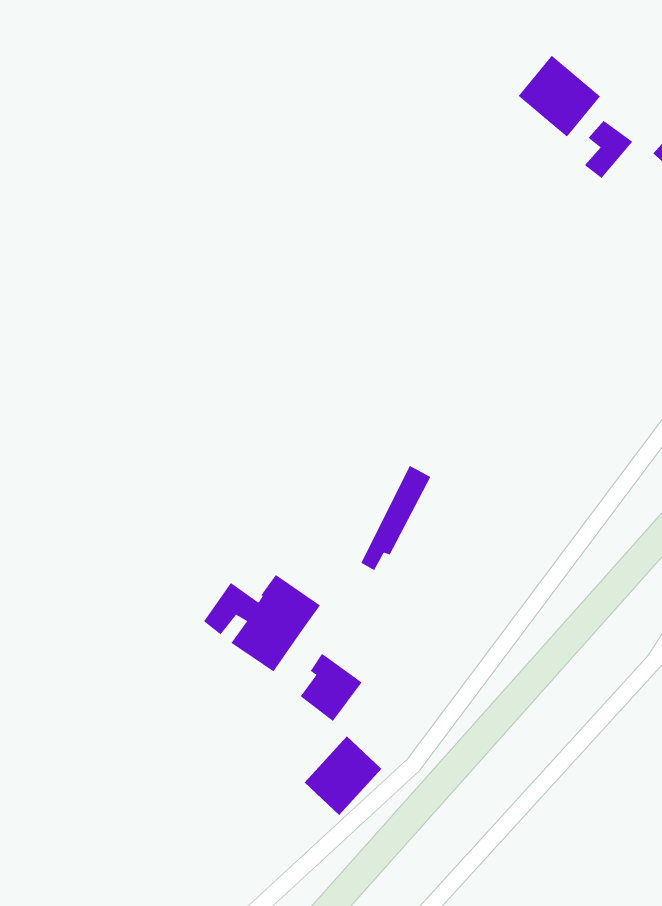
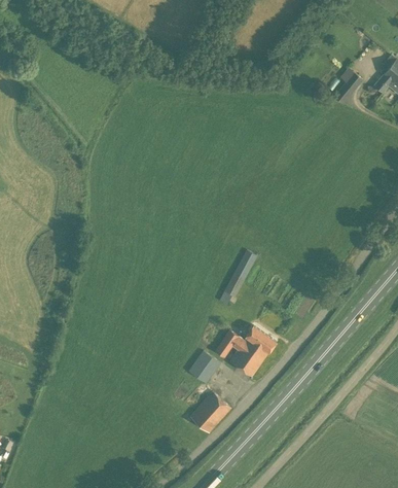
building: [518,55,601,137] -> none
building: [203,574,321,672] -> [214,325,276,377]

